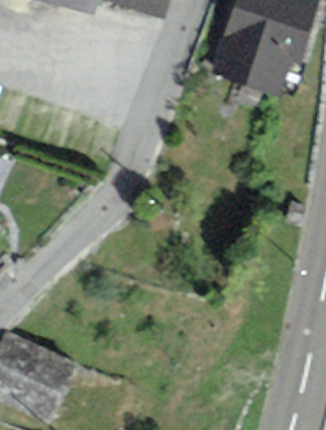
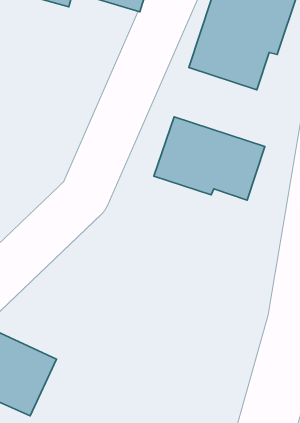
building: none -> [154,117,265,200]

